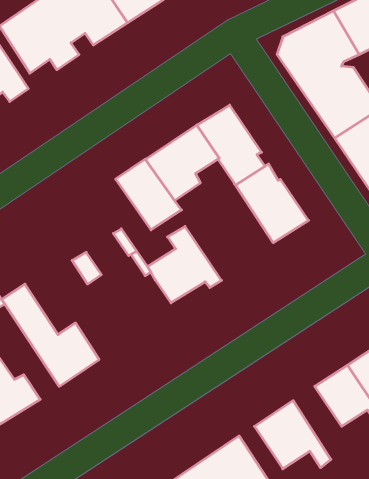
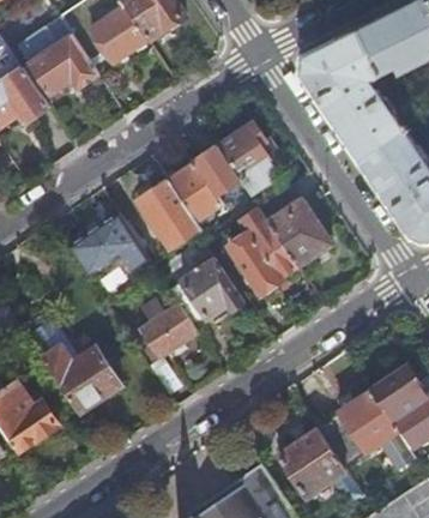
building: none -> [228,206,296,295]
building: none -> [77,215,137,271]
building: none -> [137,305,197,360]

